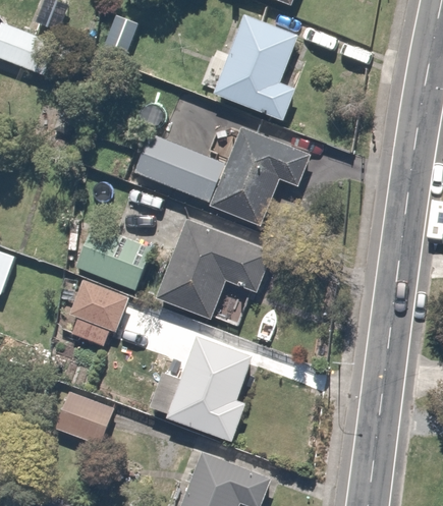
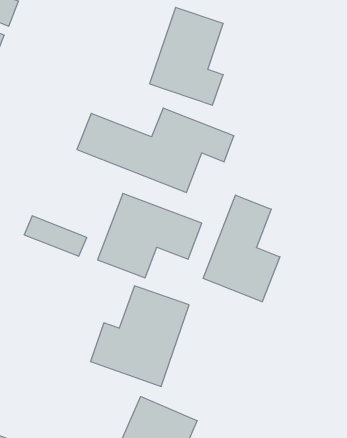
building: none -> [203,195,280,302]
building: [66,277,131,350] -> none
building: [52,389,115,448] -> none

